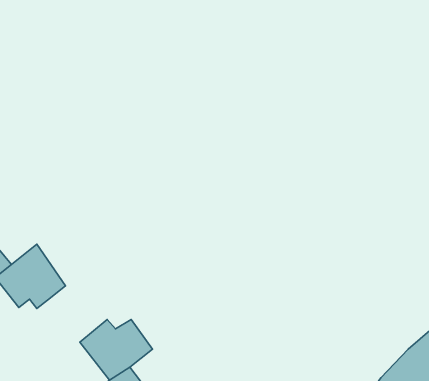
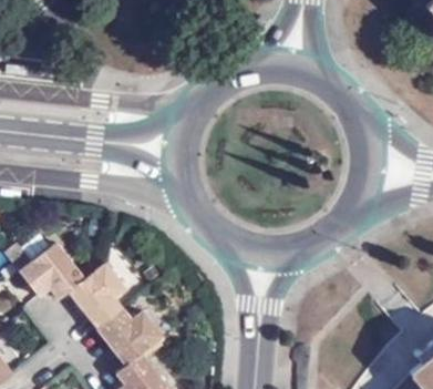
building: none -> [71,268,128,335]

